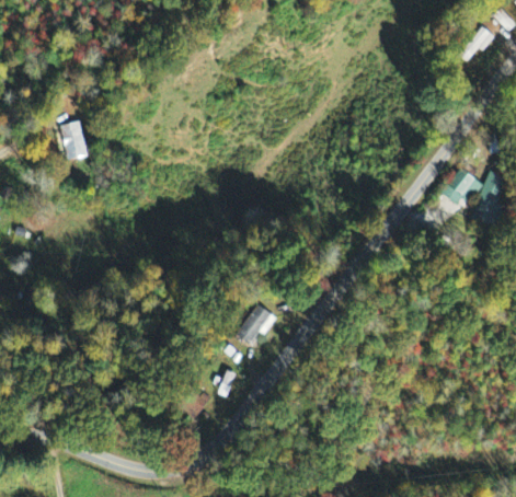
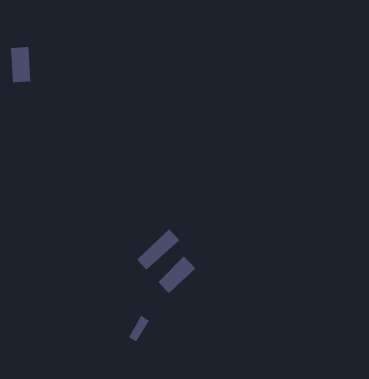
building: none -> [136,228,180,270]

